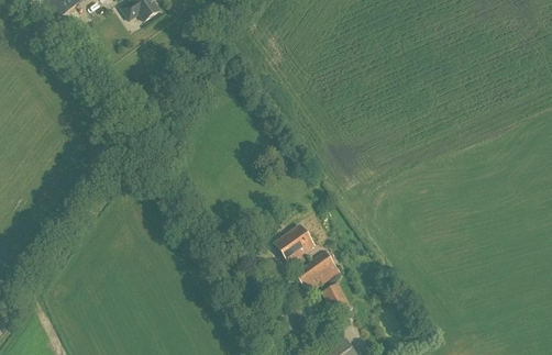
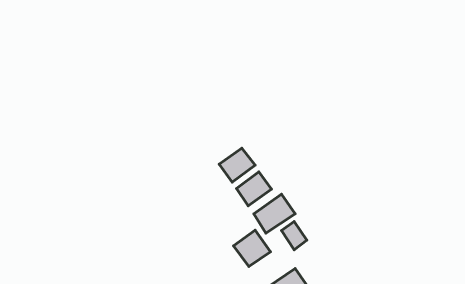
building: none -> [219,148,255,182]
building: none -> [233,230,270,266]

